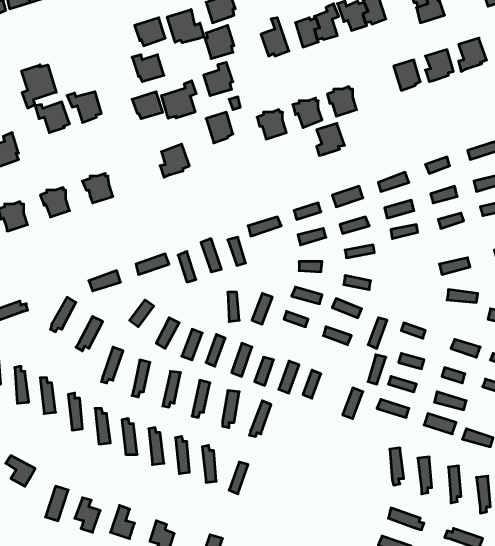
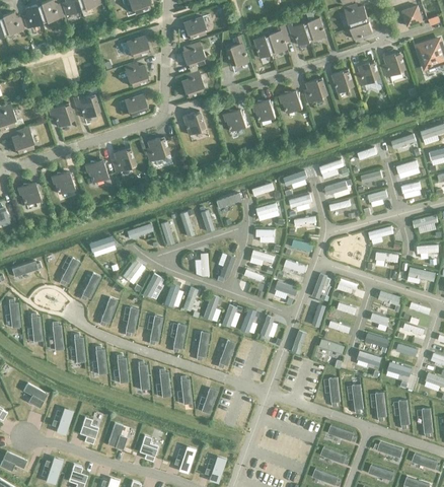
building: [167,9,204,43] -> none
building: [22,65,56,108] -> none
building: [162,81,196,118] -> none
building: [317,123,345,155] -> [305,78,327,103]
building: none -> [114,147,135,173]

